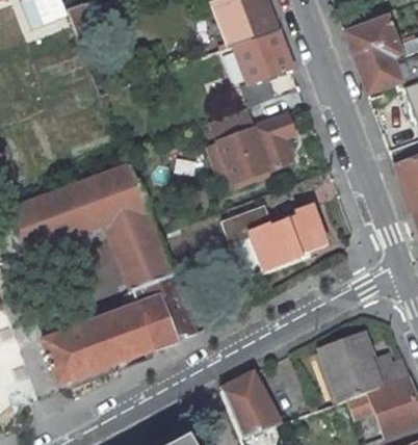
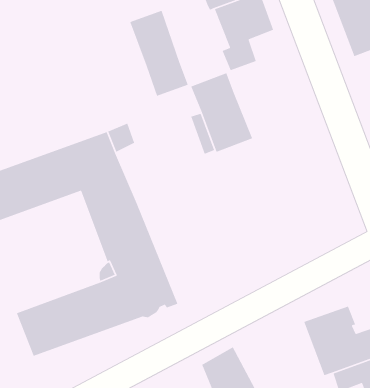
building: none -> [130,10,189,97]
building: [254,113,295,169] -> none
building: [223,204,326,268] -> none

